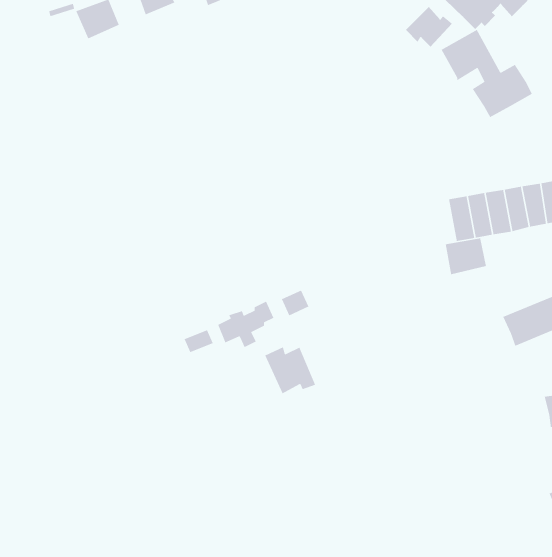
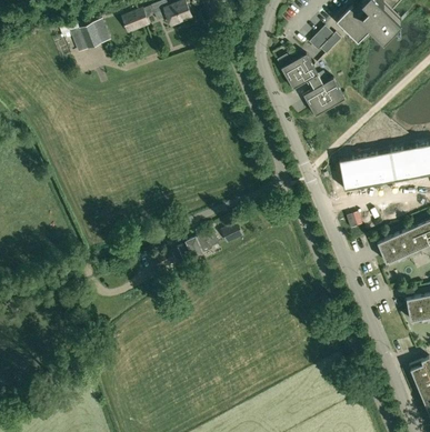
building: [440,29,533,118] -> [281,53,346,115]
building: [445,237,487,275] -> none
building: [264,346,316,395] -> none

